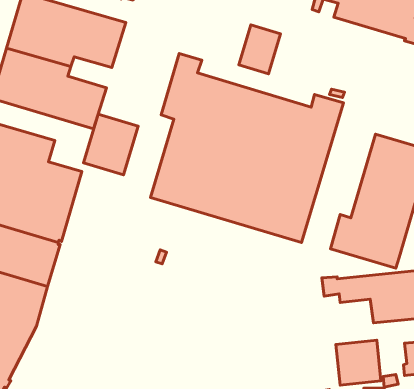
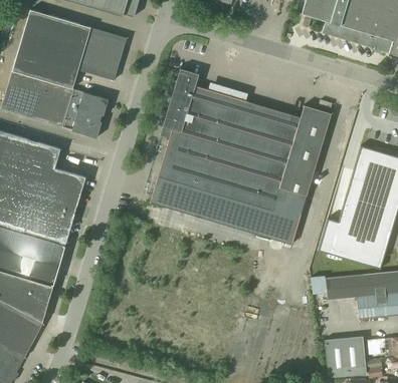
building: [239,25,281,74] -> none
building: [84,114,138,175] -> none

